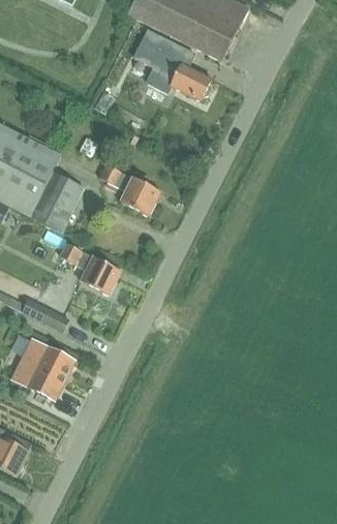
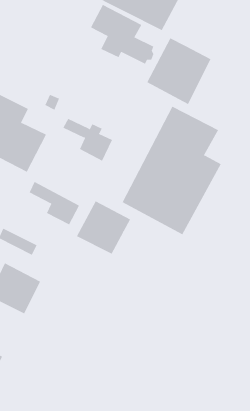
building: none -> [147,37,211,105]
building: none -> [122,106,221,235]
building: none -> [76,201,131,254]

